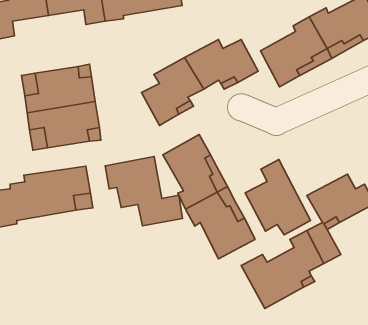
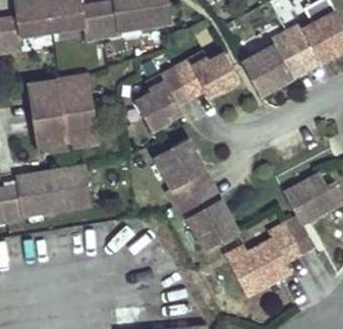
building: [105,157,183,226] -> none
building: [245,159,311,235] -> none

